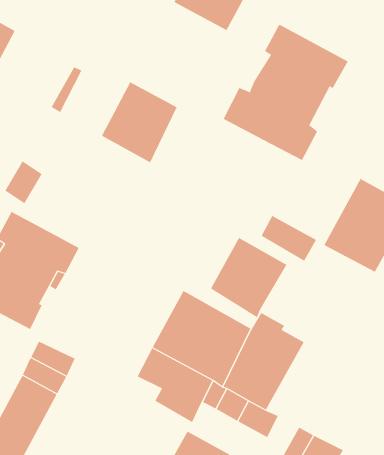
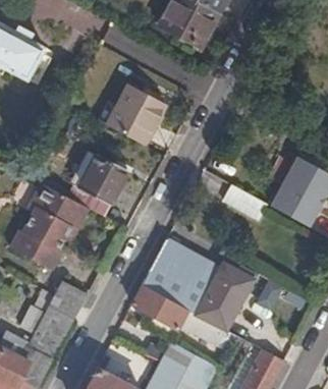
building: [223,24,348,161] -> none
building: none -> [65,150,129,217]
building: [210,237,287,318] -> none

